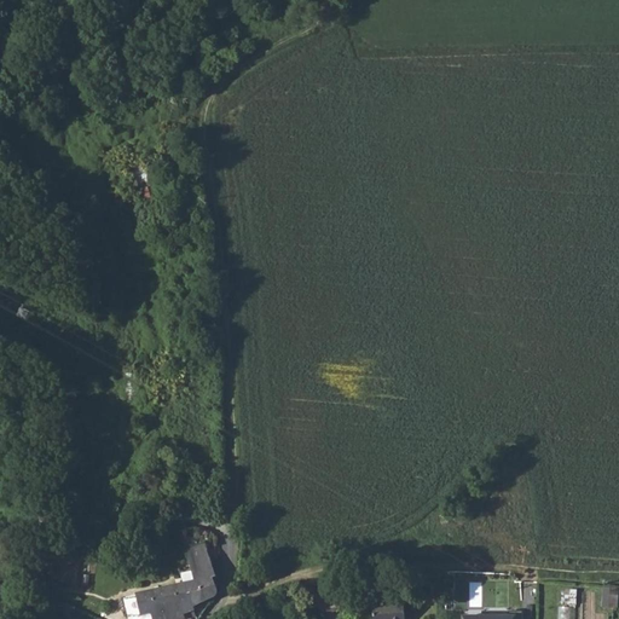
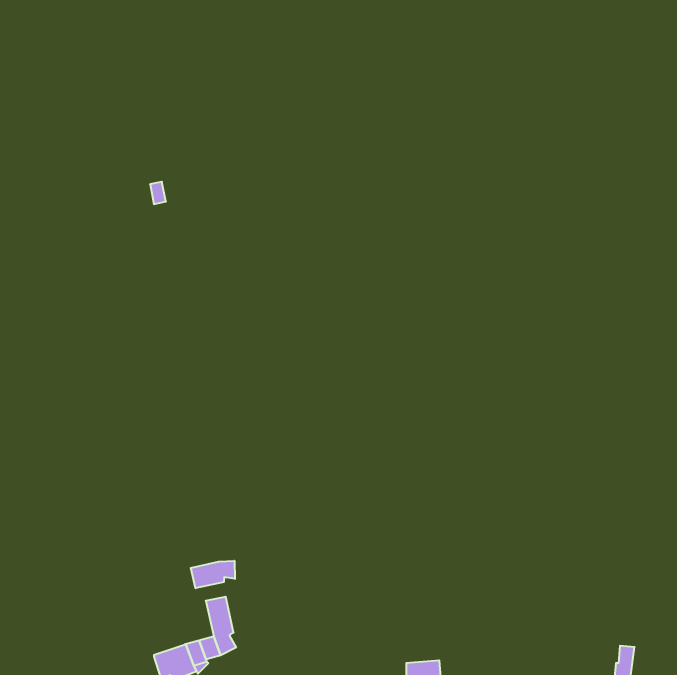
building: none -> [191,561,235,588]

